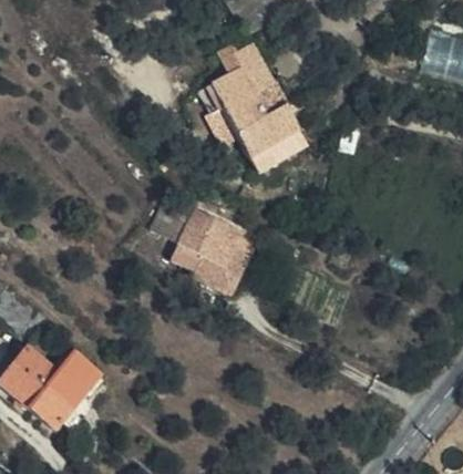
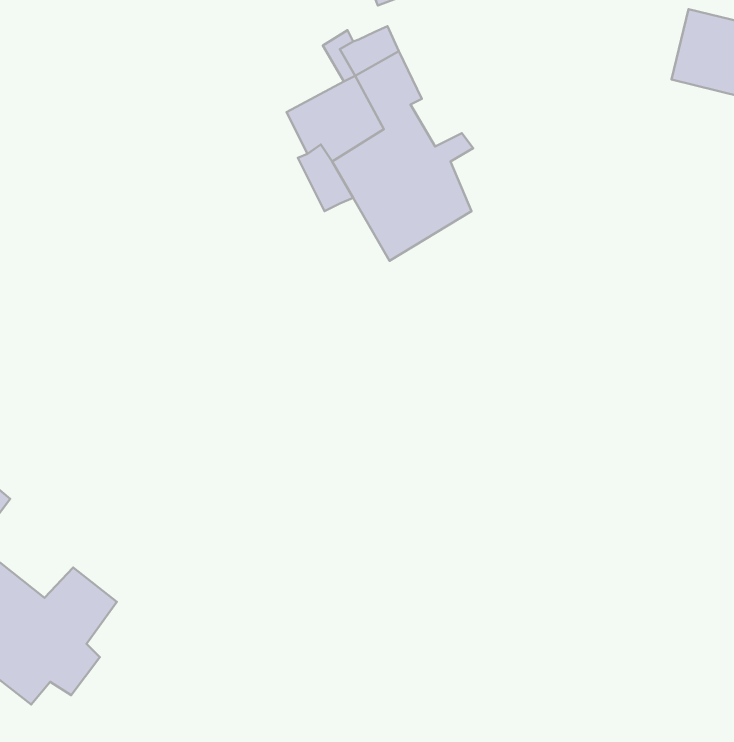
building: [174,190,248,289] -> none

